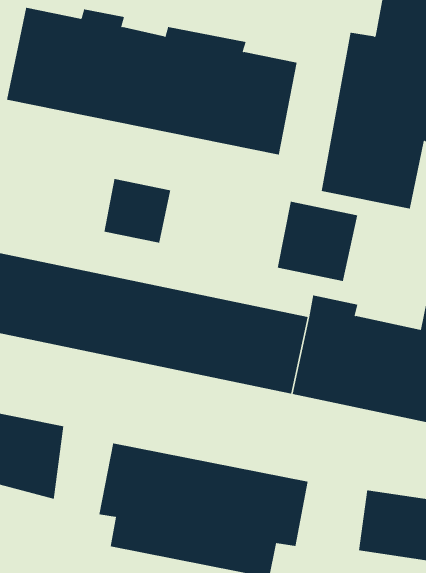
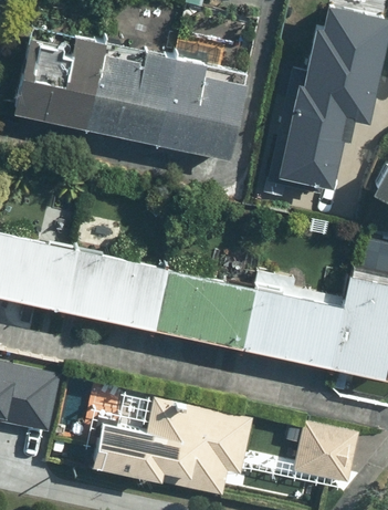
building: [104,178,171,243] -> none
building: [277,201,358,282] -> none

